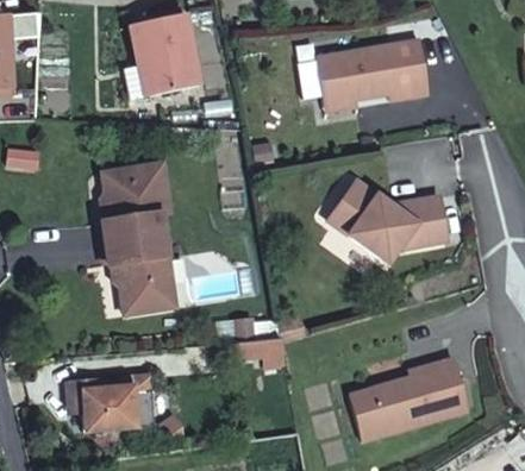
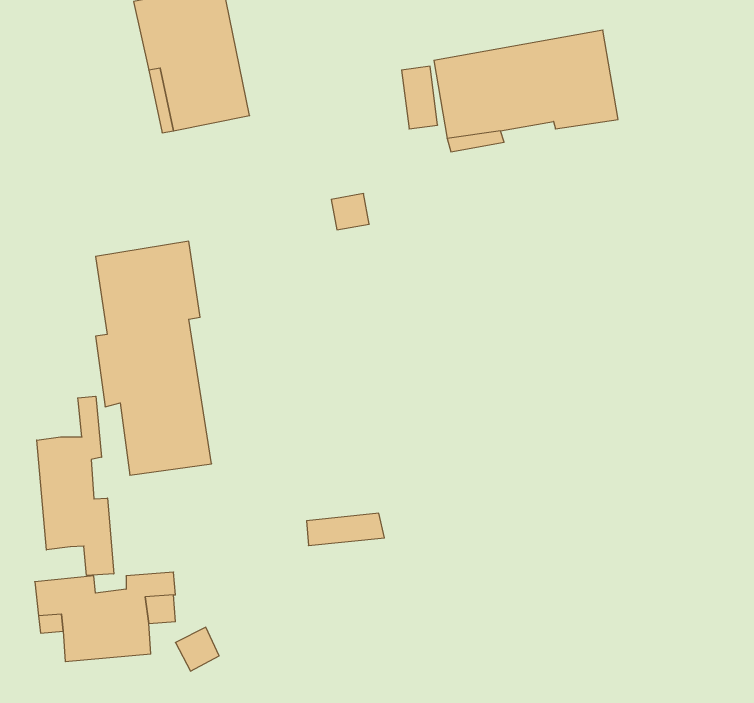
building: [330,182,450,264] -> none
building: none -> [37,396,114,575]
building: [351,359,471,444] -> none

